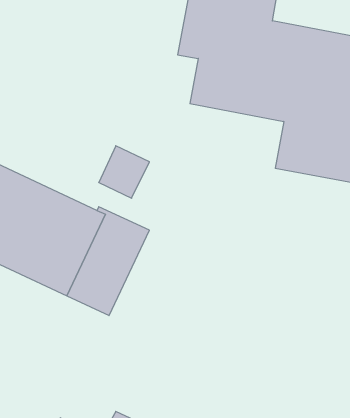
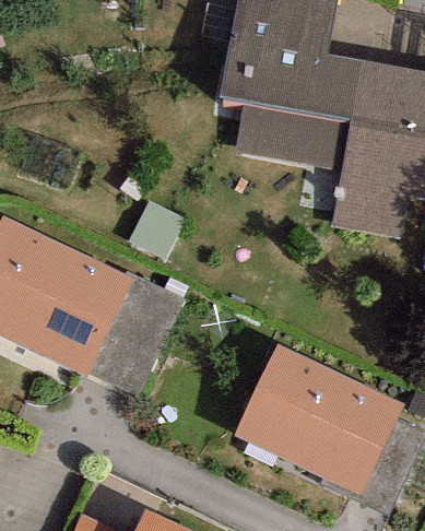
building: none -> [232,344,403,496]

